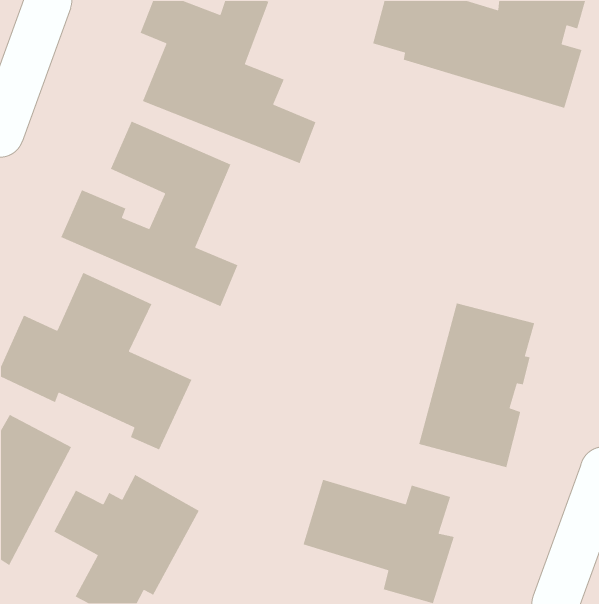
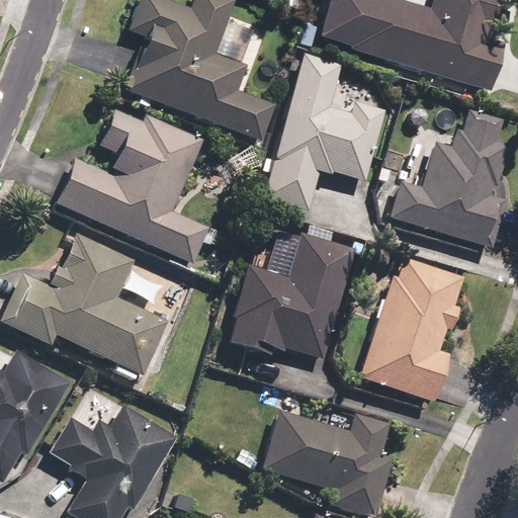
building: none -> [259,51,385,211]
building: none -> [387,107,510,245]
building: none -> [223,232,358,357]

